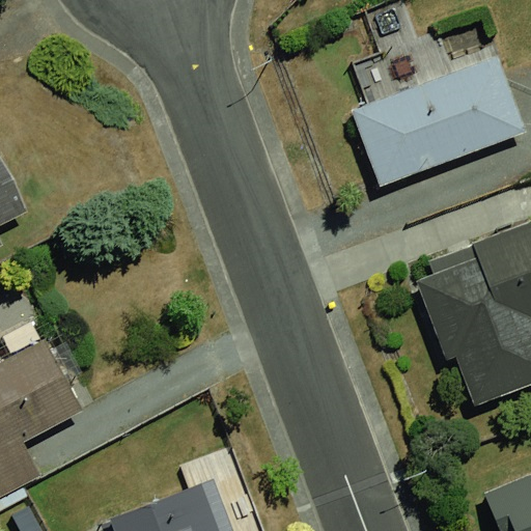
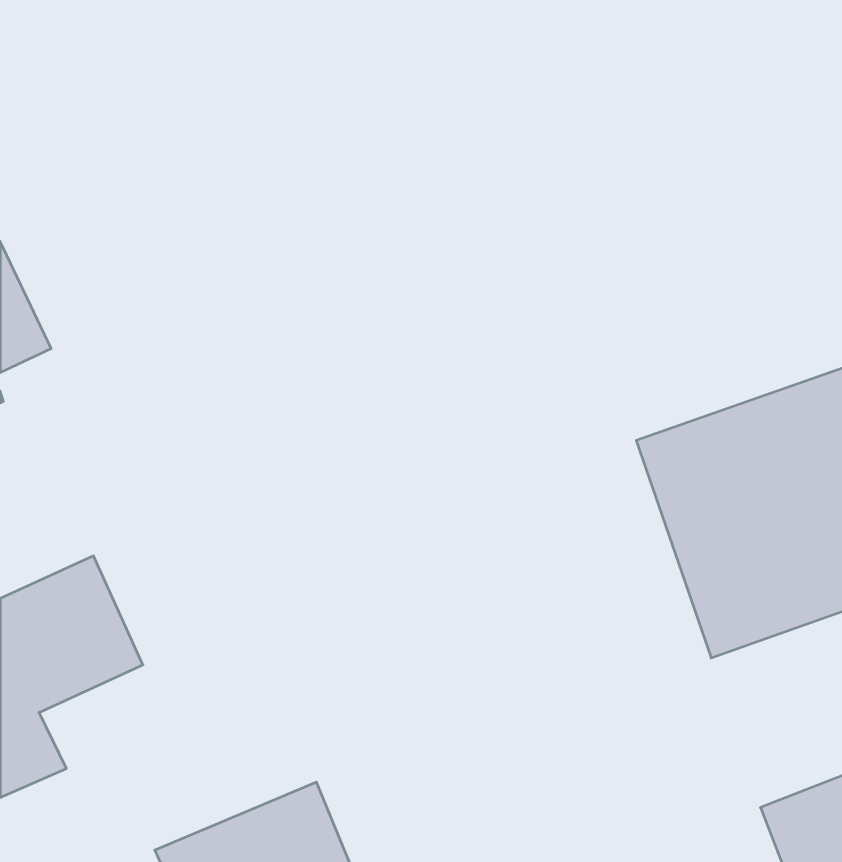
building: [343,50,515,179] -> none

